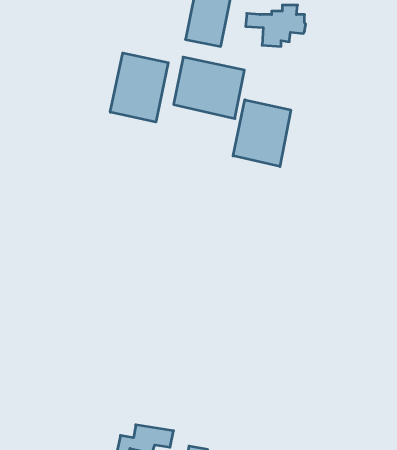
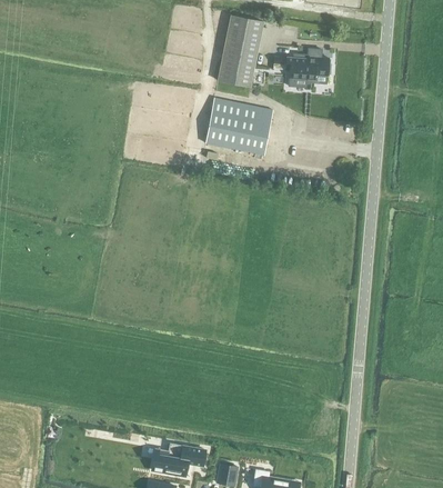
building: [110,53,168,122] -> none
building: [233,100,291,167] -> none

